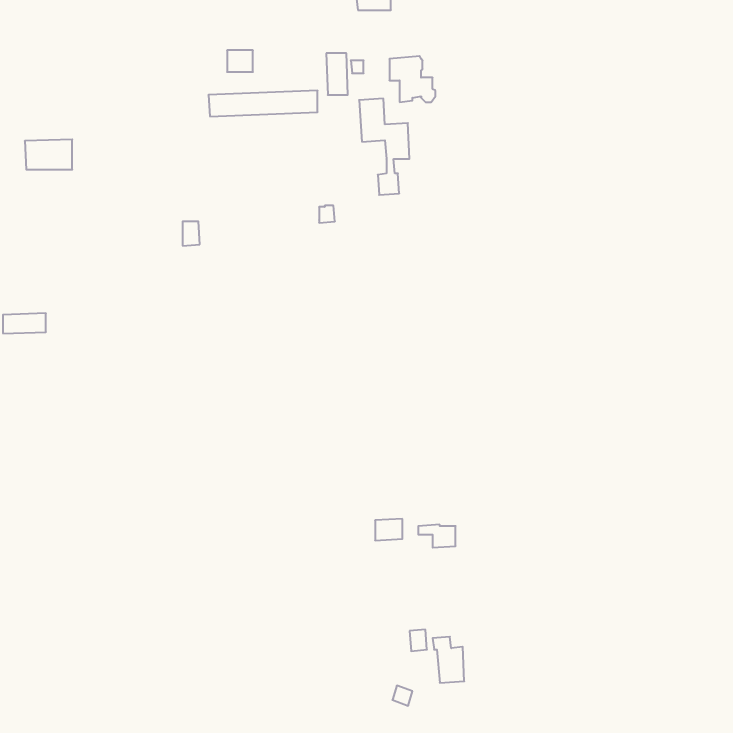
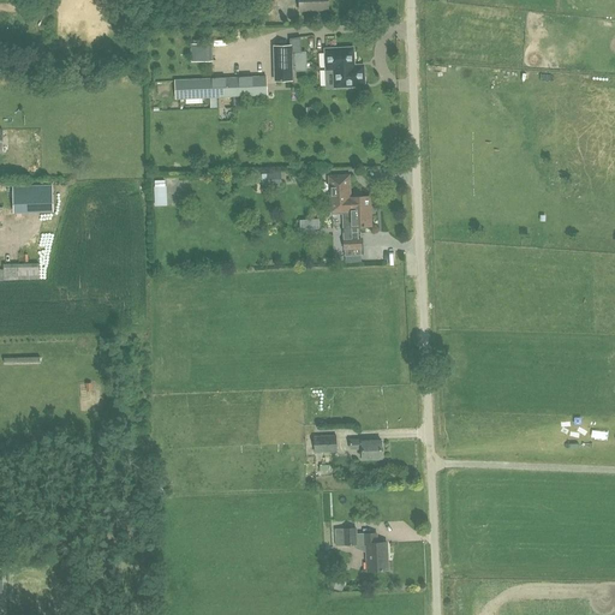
building: [359,99,409,195] -> [328,174,370,255]
building: [25,139,72,170] -> [12,185,52,210]

